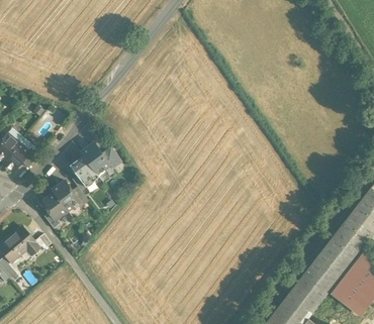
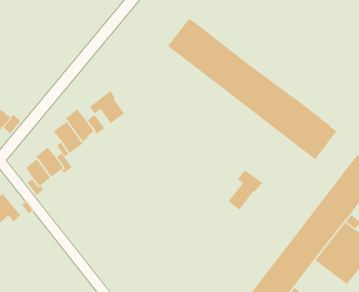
building: none -> [167,18,337,160]
building: none -> [89,90,125,124]
building: none -> [228,170,263,210]

